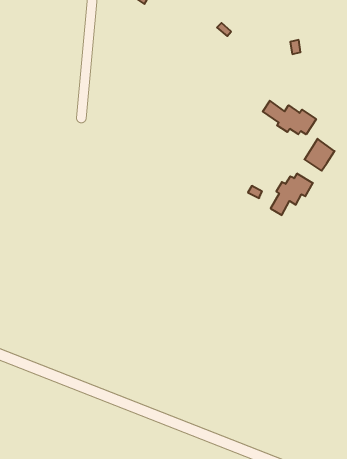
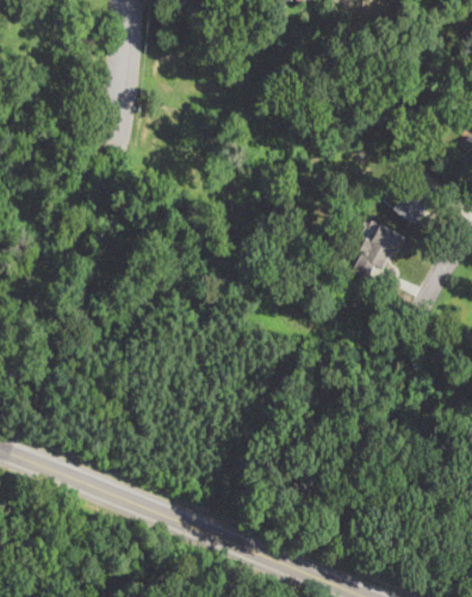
building: [263,101,316,134] -> none

